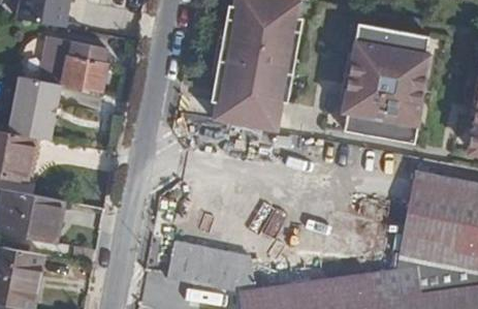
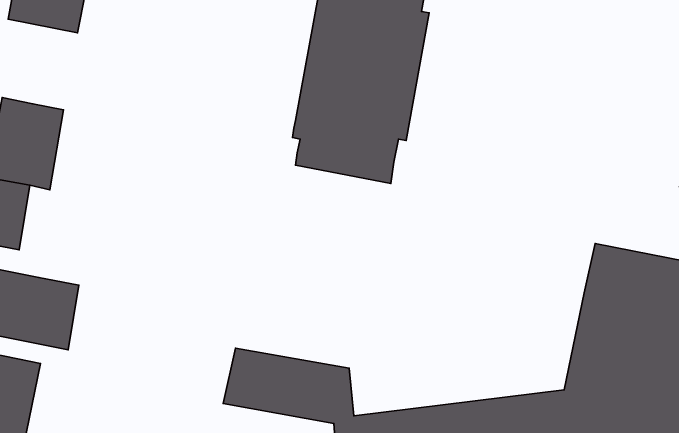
building: [342,22,431,142] -> none
building: [36,35,102,91] -> none

